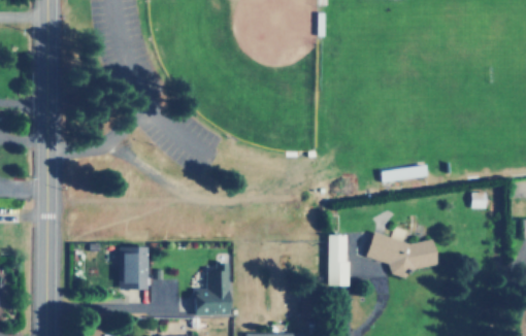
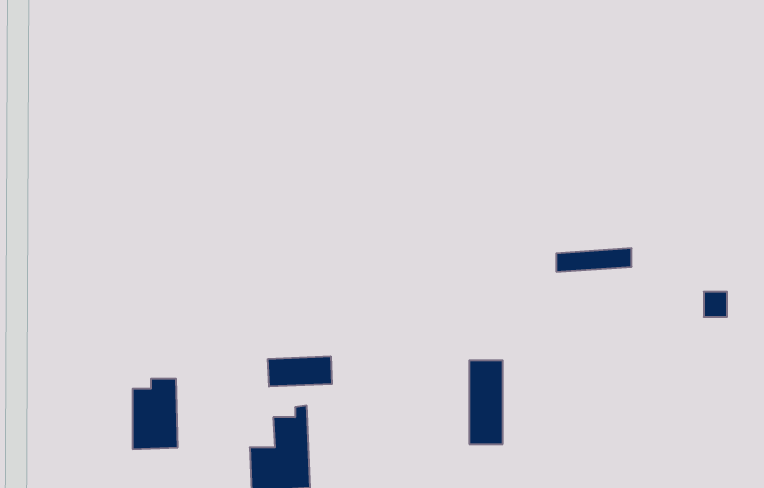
building: [366,232,437,274] -> none
building: none -> [268,356,332,387]

